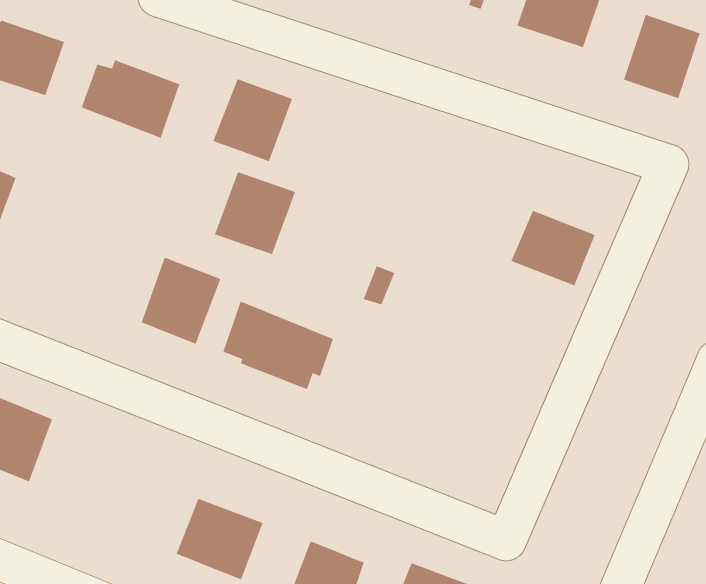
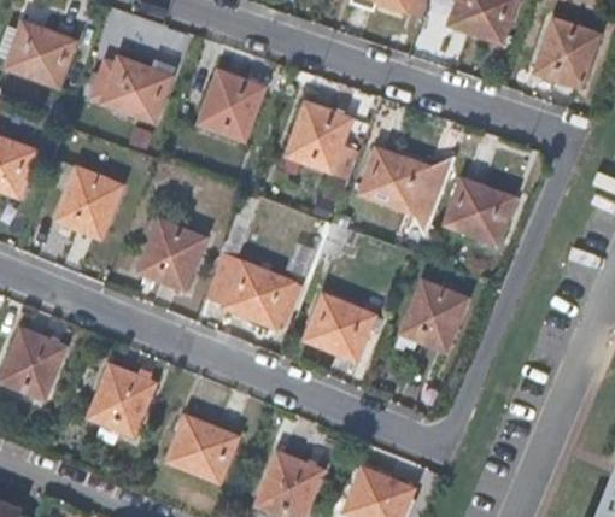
building: none -> [361,142,456,236]
building: [214,172,296,255] -> [287,104,355,172]
building: none -> [53,175,118,245]
building: none -> [400,282,465,351]
building: none -> [304,293,373,358]
building: none -> [89,368,156,436]

